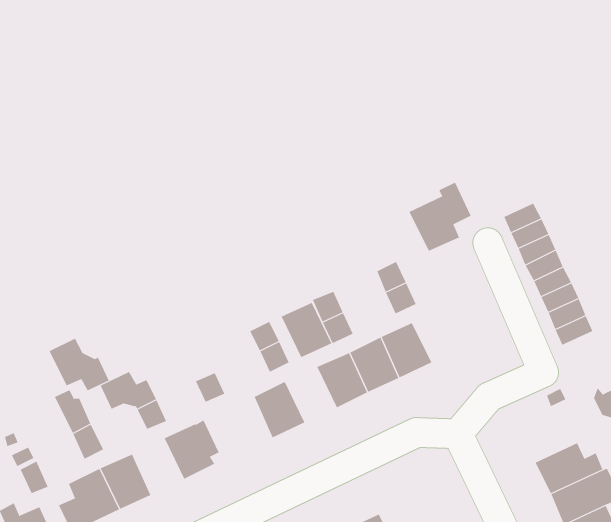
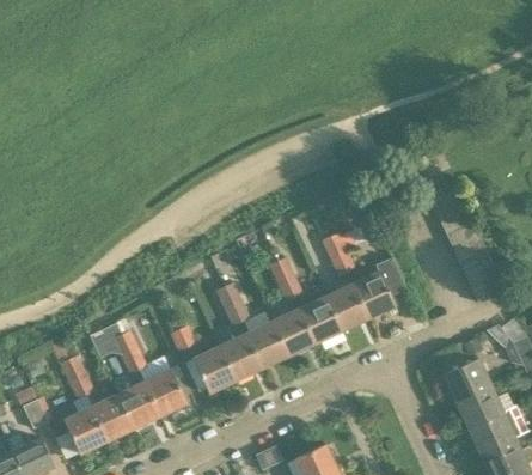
building: [409,182,471,252] -> [351,258,404,317]
building: [281,302,332,358] -> [245,321,288,367]
building: [49,338,109,391] -> none
building: none -> [191,346,234,392]
building: none -> [442,358,490,401]
building: none -> [117,380,160,428]

